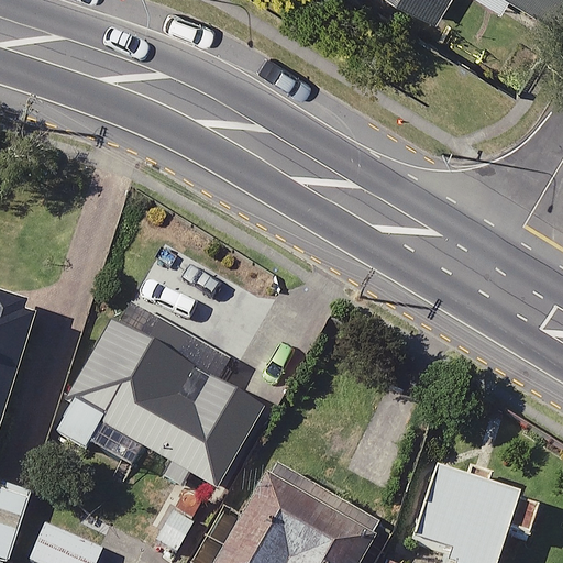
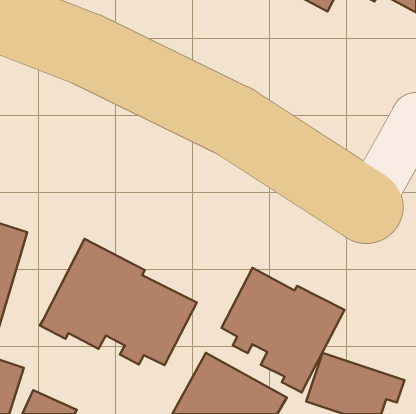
building: none -> [222,268,345,393]

